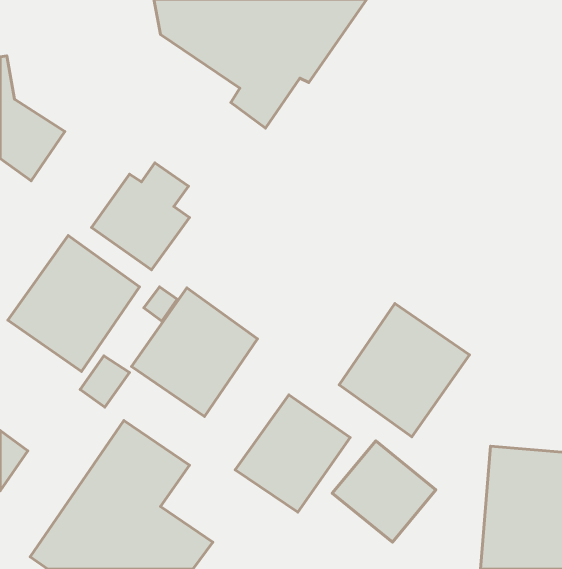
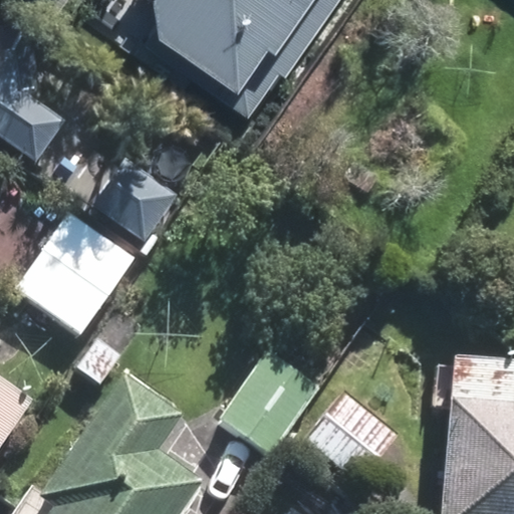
building: [132,288,258,416] -> none
building: [339,304,469,437] -> none

